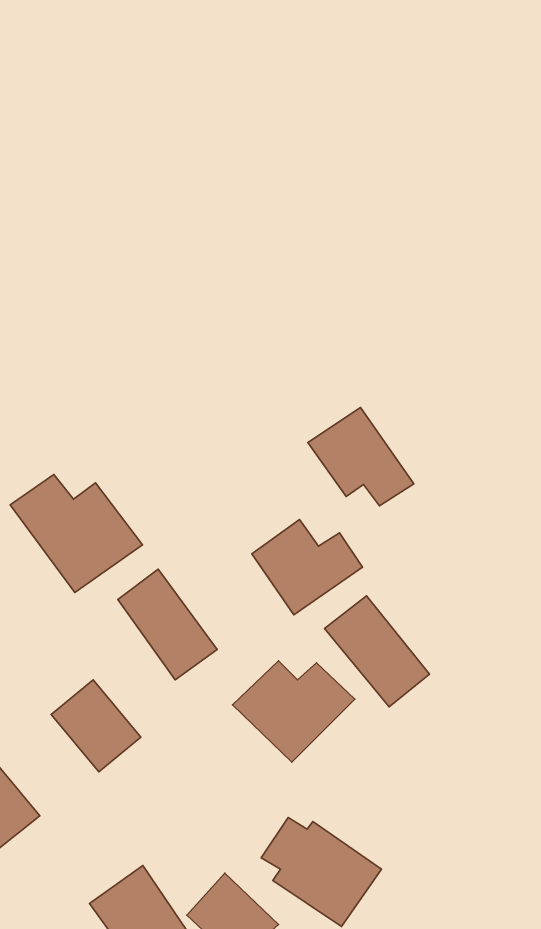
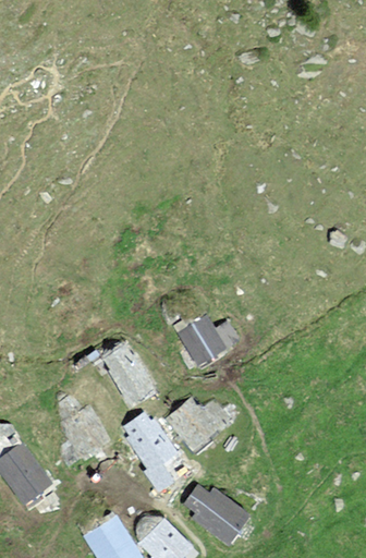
building: [308,407,414,506] -> none
building: [10,475,143,593] -> none
building: [324,596,429,707] -> [118,408,178,471]

